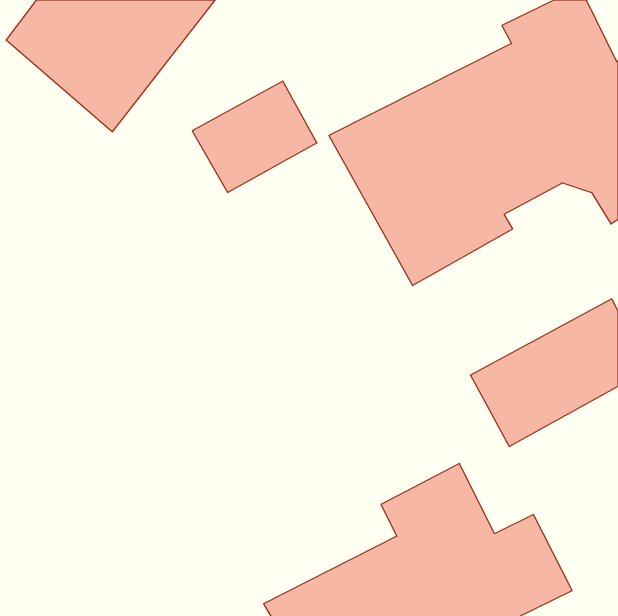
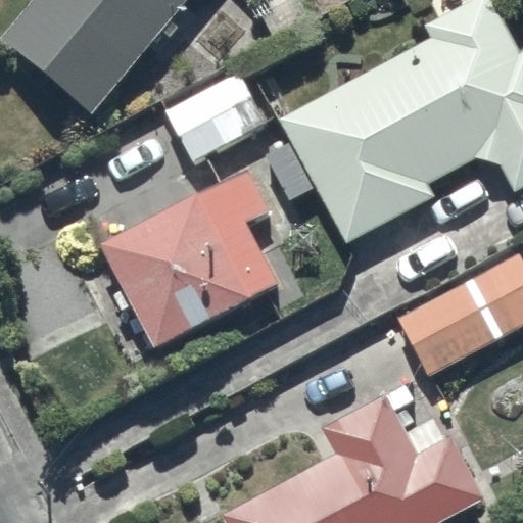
building: none -> [98,170,276,344]

